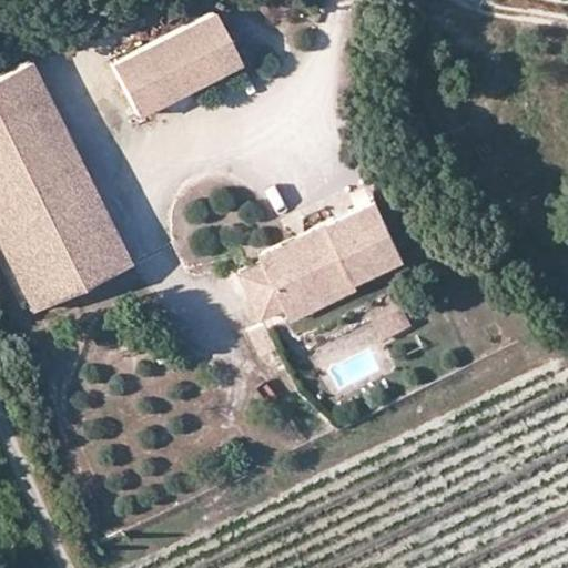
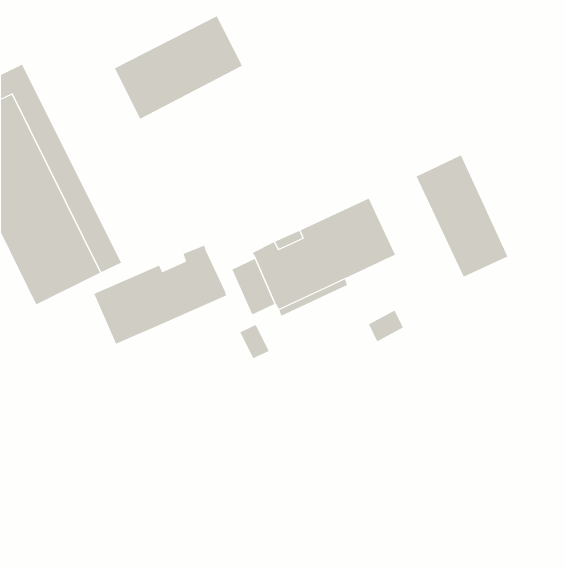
building: none -> [416,154,508,278]
building: none -> [94,245,227,345]

